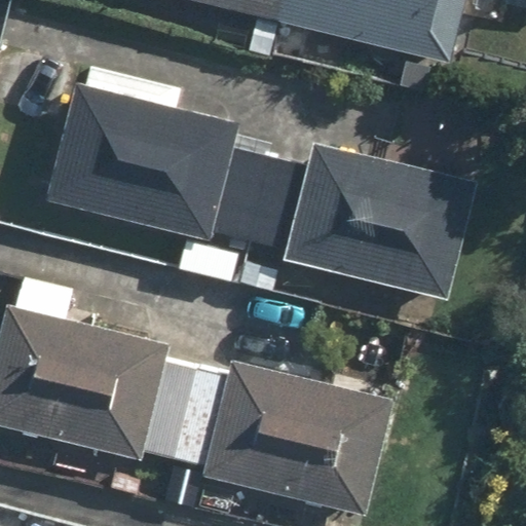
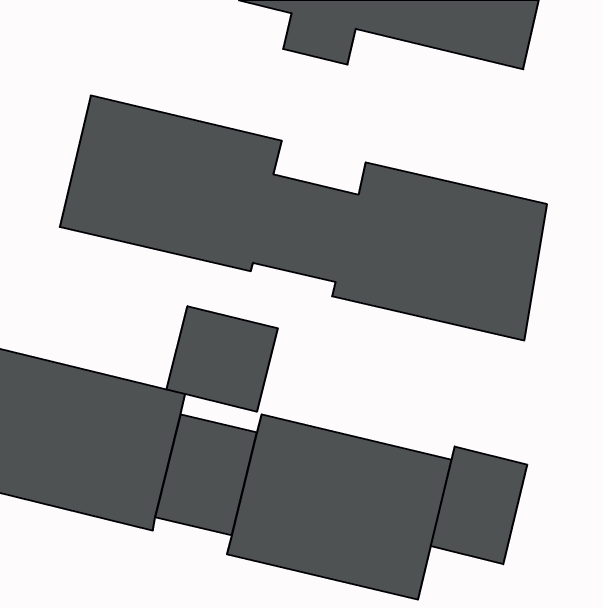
building: none -> [166,306,278,412]
building: none -> [431,446,527,564]

